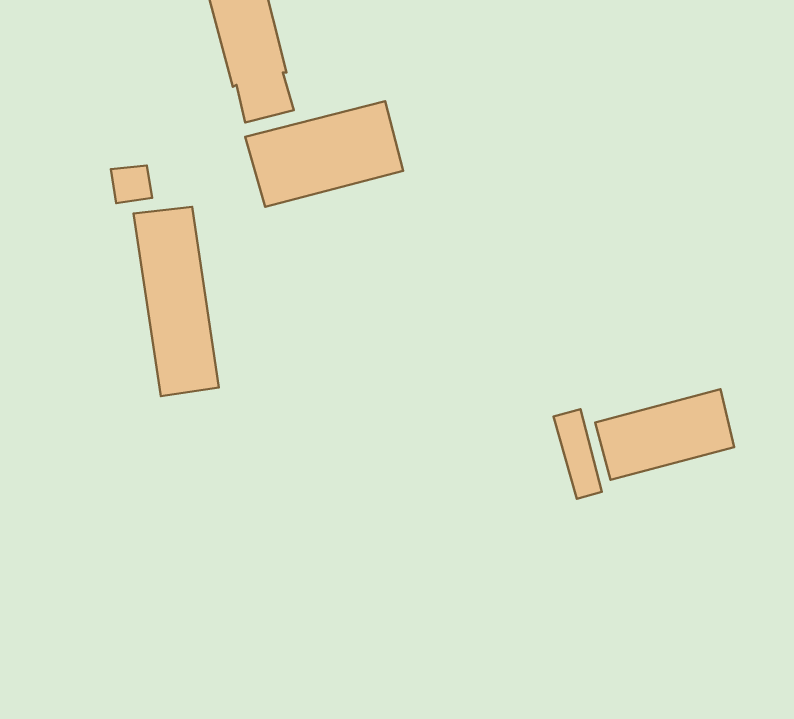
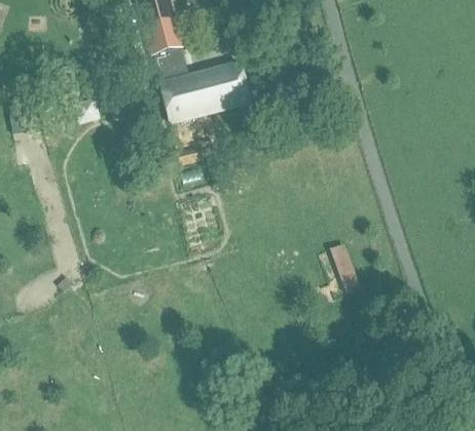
building: [134,207,219,396] -> none
building: [595,389,734,480] -> none

